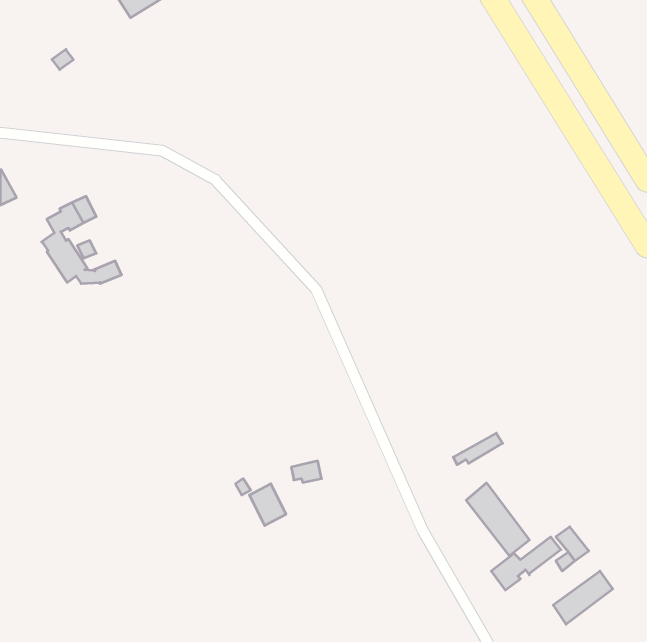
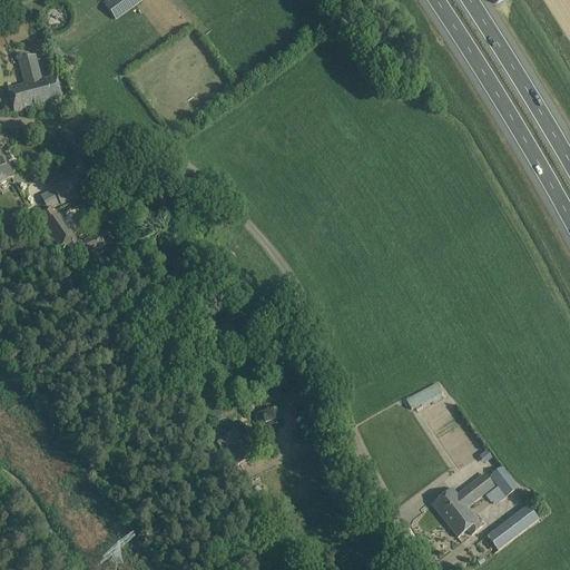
building: none -> [9,53,62,110]
building: [466,483,529,556] -> none
building: none -> [444,501,481,535]

